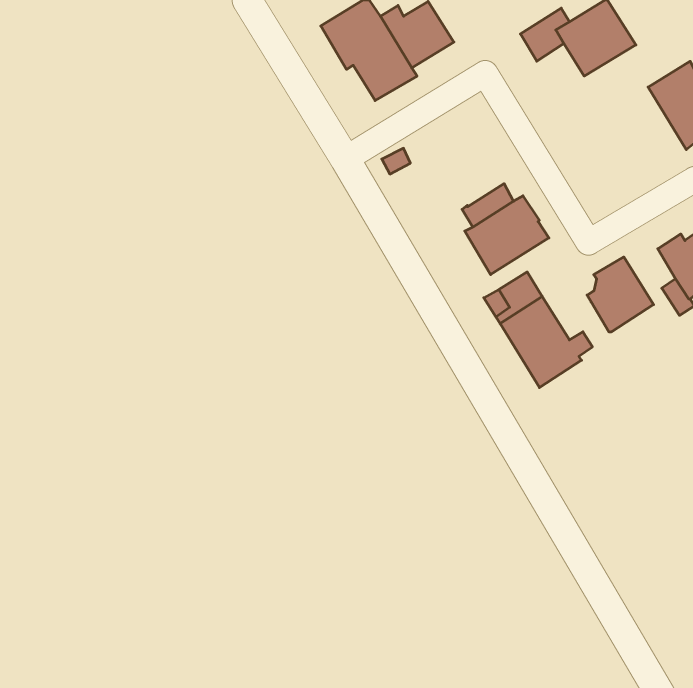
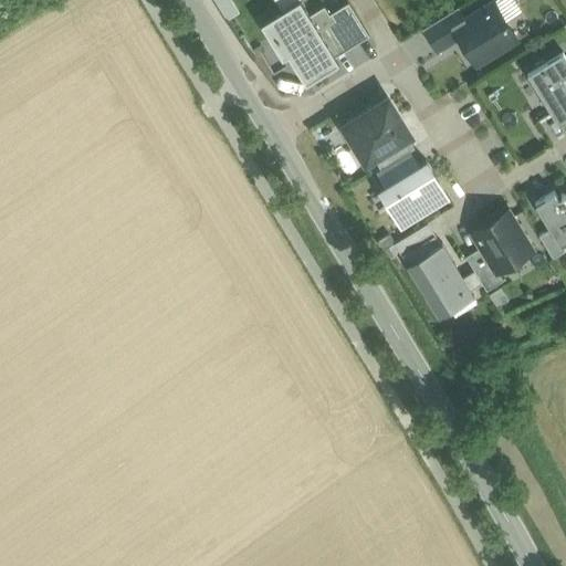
building: none -> [344,102,408,166]
building: none -> [467,251,504,294]

